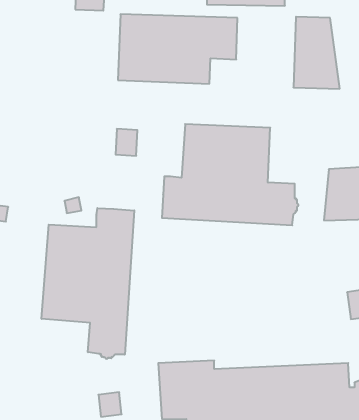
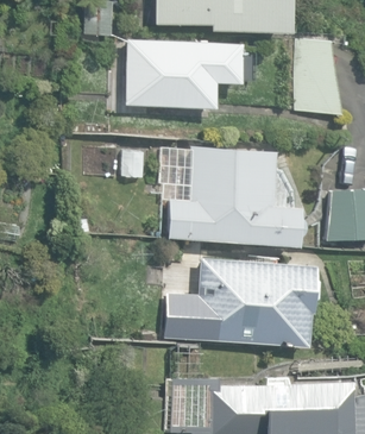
building: [42,208,134,359] -> none
building: none -> [190,256,317,344]

